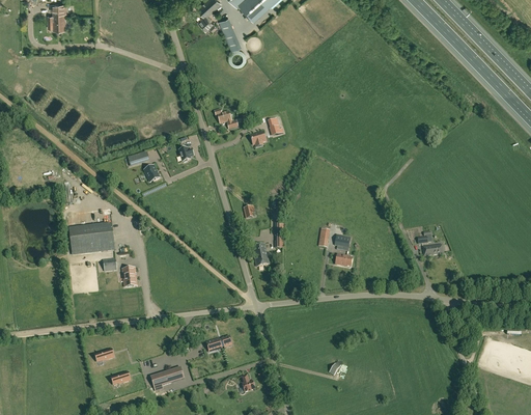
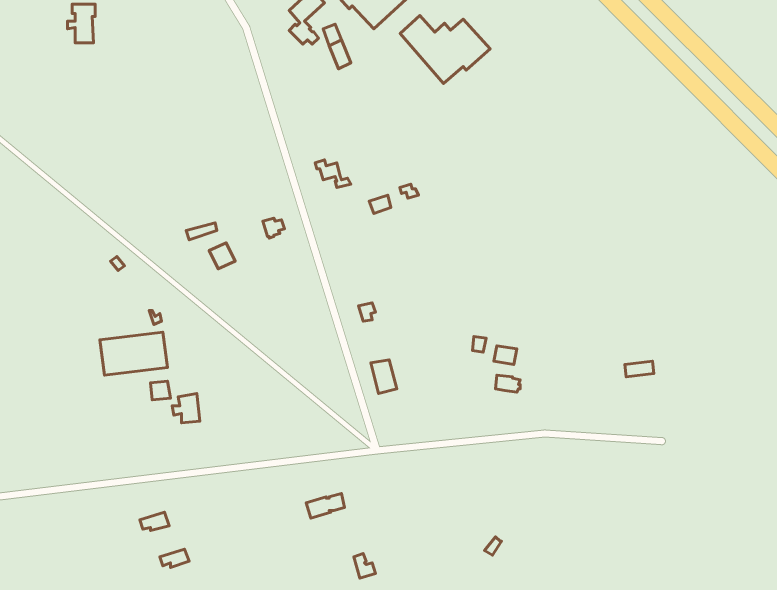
building: none -> [400,15,490,83]
building: [150,367,185,392] -> none

